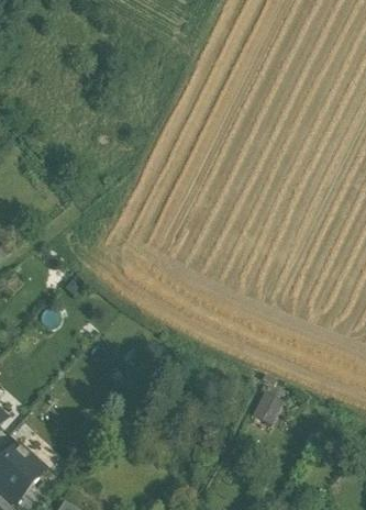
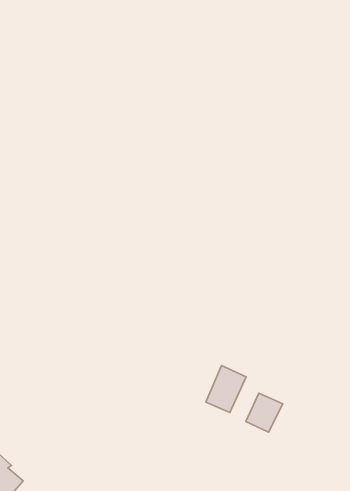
building: none -> [206,365,246,413]

